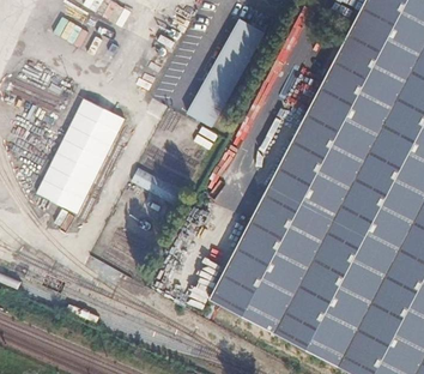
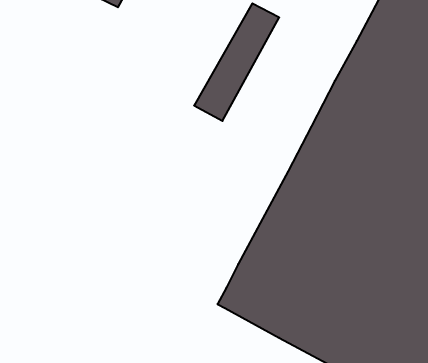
building: [36,98,123,213] -> none

